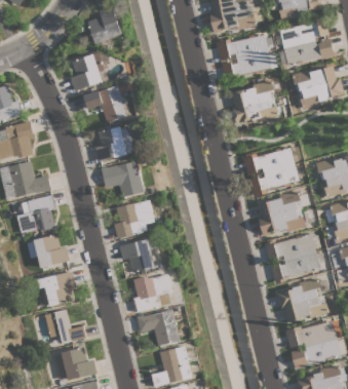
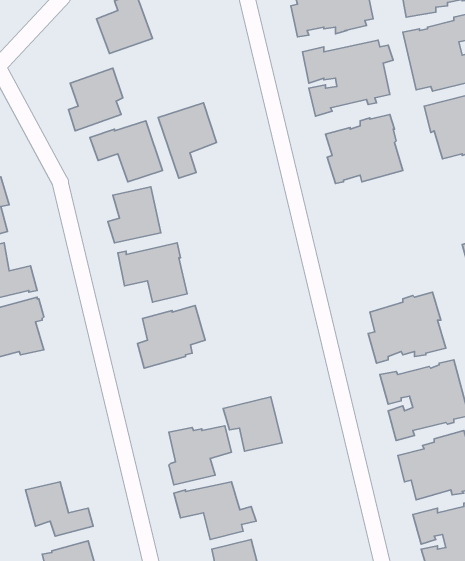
building: none -> [158,103,217,178]
building: [242,147,299,196] -> none
building: [34,233,70,268] -> none
building: [119,238,156,272] -> [223,397,282,451]
building: [38,270,75,306] -> none

